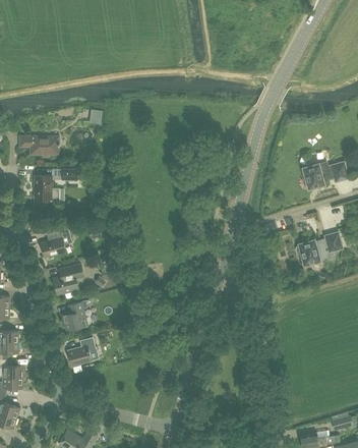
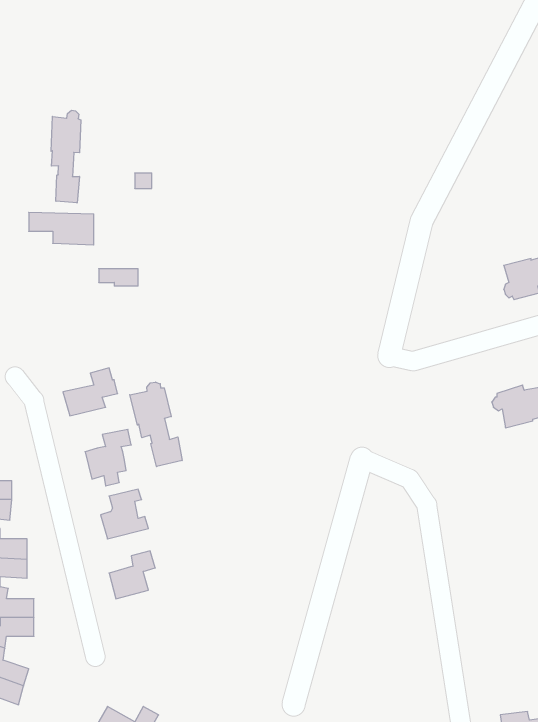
building: none -> [51,110,81,203]
building: [34,175,59,202] -> none
building: none -> [130,382,182,467]

